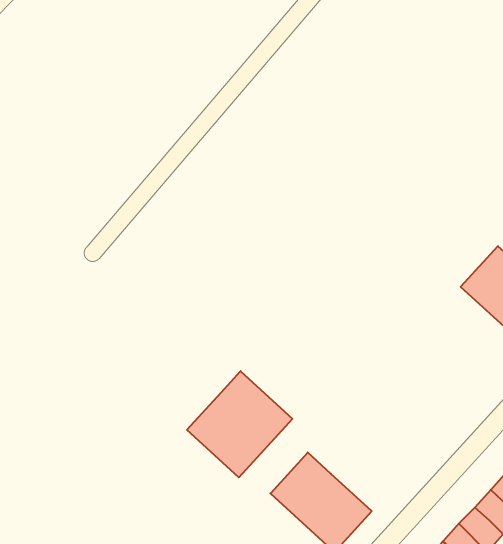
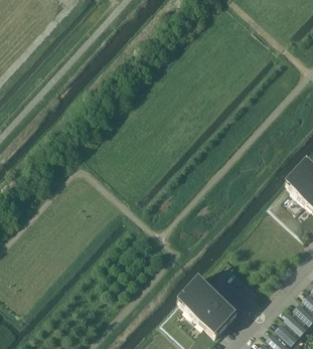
building: [187,371,292,477] -> none

